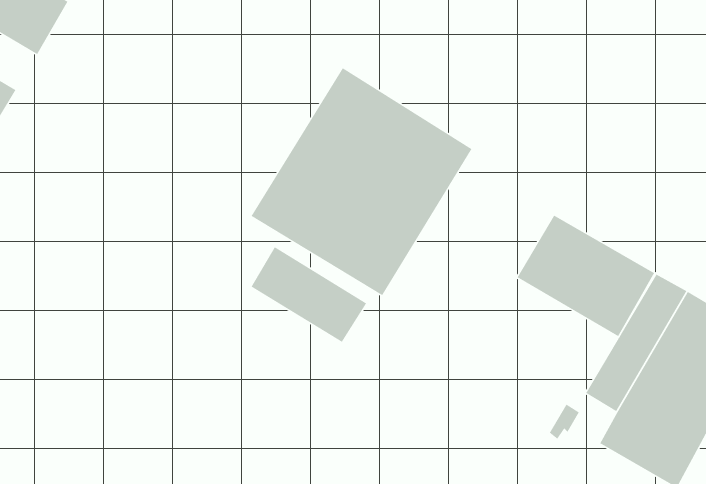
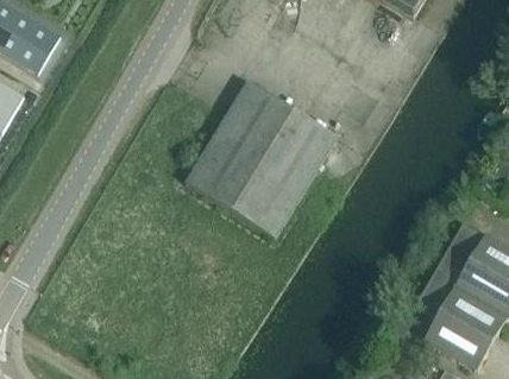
building: [517,215,655,337] -> none
building: [250,246,367,343] -> none

